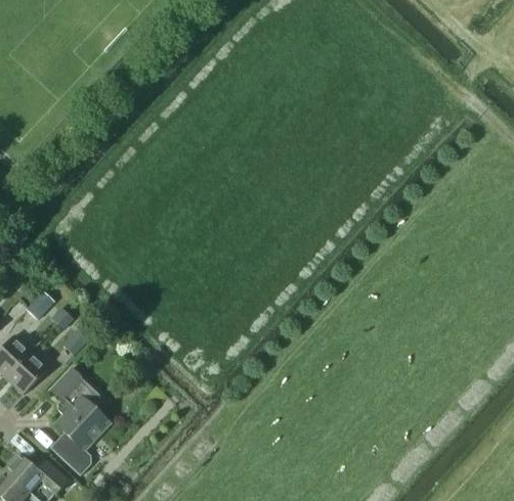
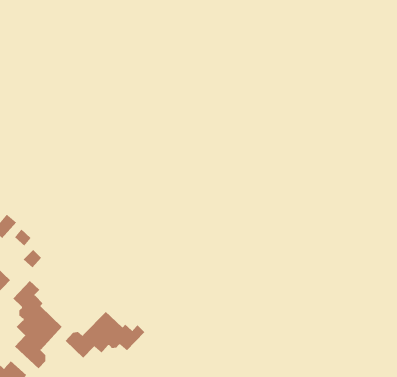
building: none -> [65,311,145,359]

